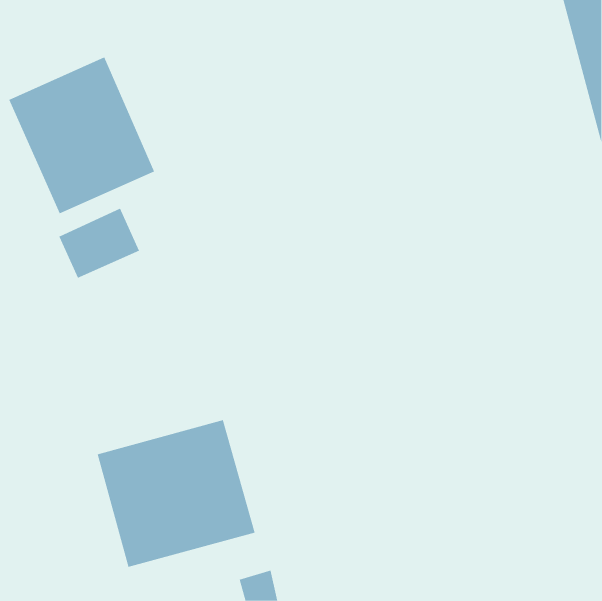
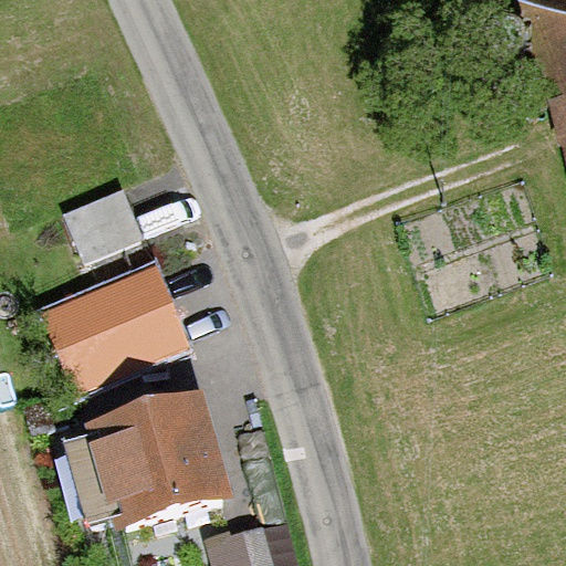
building: [8,56,155,214] -> none
building: none -> [52,280,167,379]

